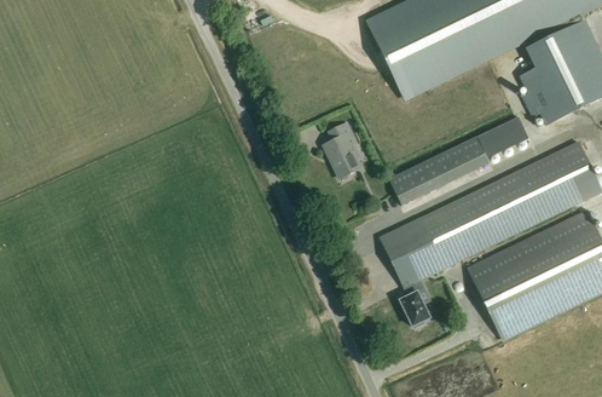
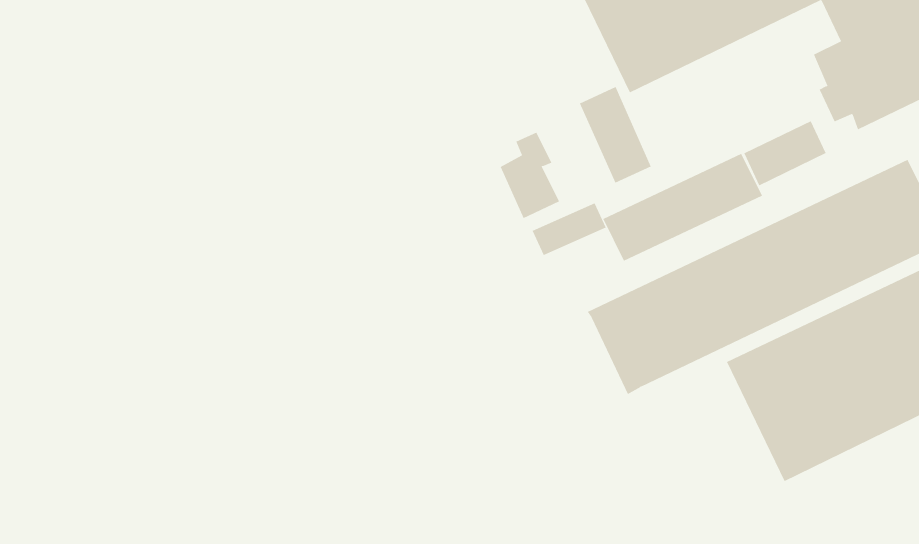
building: none -> [579,86,652,184]
building: none -> [532,202,606,256]
building: [399,282,430,329] -> none

